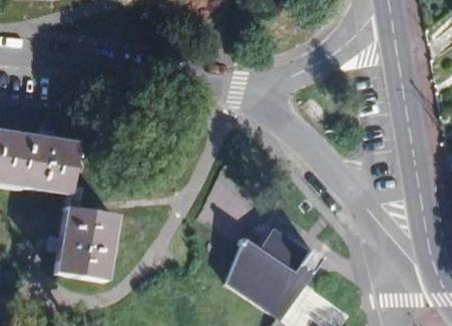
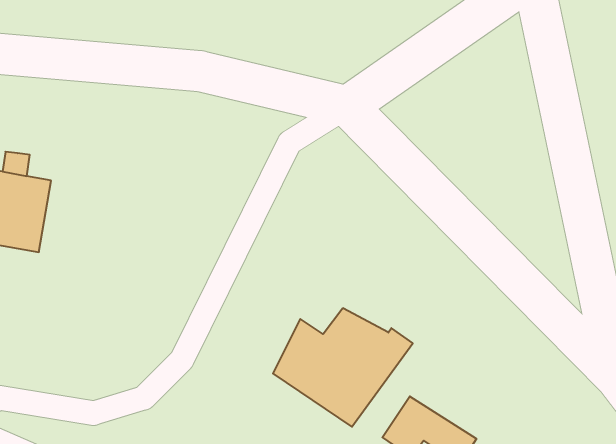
building: [51,209,109,281] -> none

